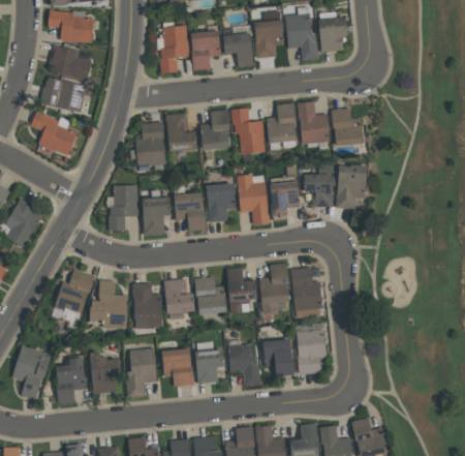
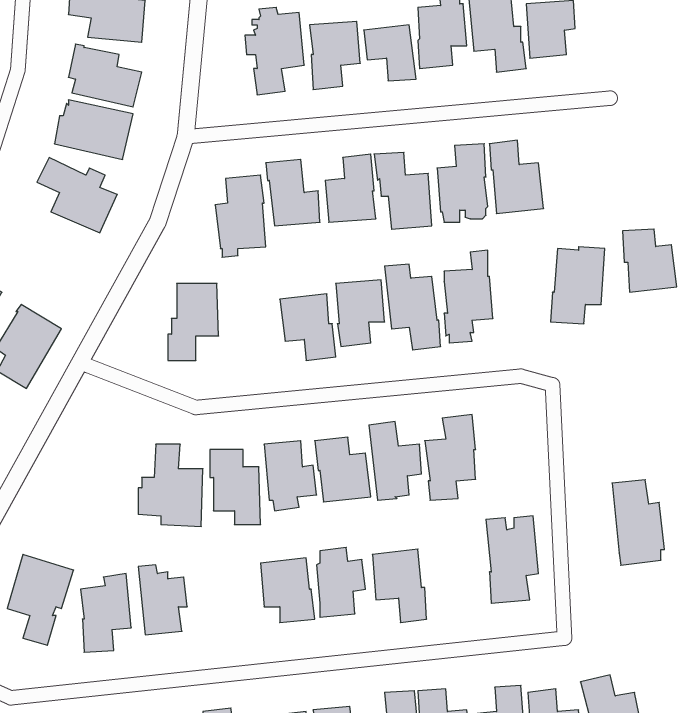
building: [332,108,364,145] -> [623,229,677,292]
building: [305,174,333,206] -> none
building: [143,196,171,234] -> none
building: [291,267,322,317] -> [612,480,664,565]
building: [52,269,95,328] -> none
building: [264,338,295,375] -> none
building: [126,347,158,397] -> none

